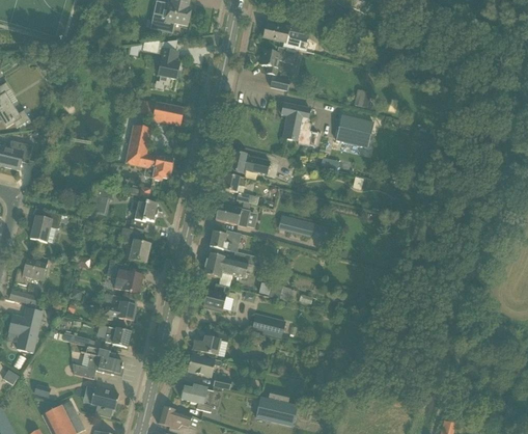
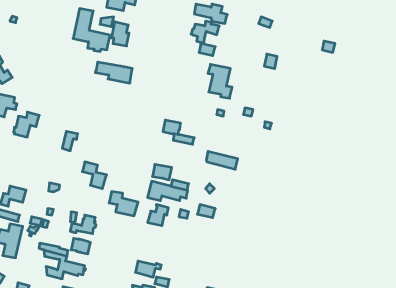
building: [331,113,368,145] -> none
building: [126,125,173,180] -> [73,9,110,51]
building: [227,151,270,173] -> none
building: [130,200,158,232] -> none
building: [216,204,249,226] -> none
building: [29,210,62,242] -> [14,112,39,137]
building: [106,262,143,293] -> [109,192,138,216]
building: [251,313,285,336] -> none
building: [193,330,229,355] -> none

